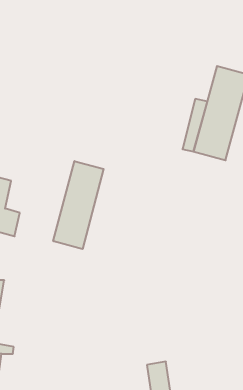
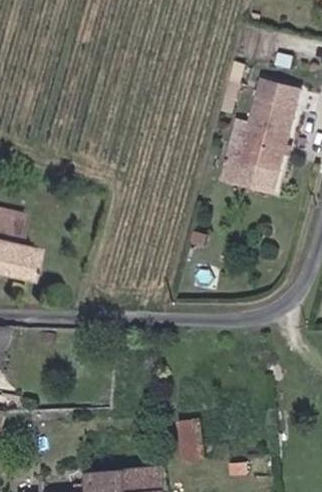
building: [53,161,104,249] -> none

